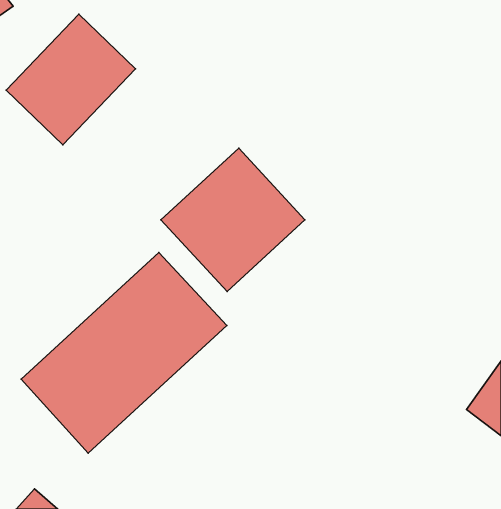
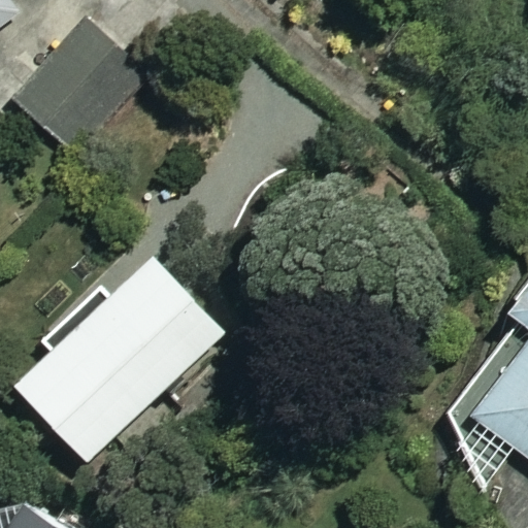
building: [161,148,305,292] -> none

